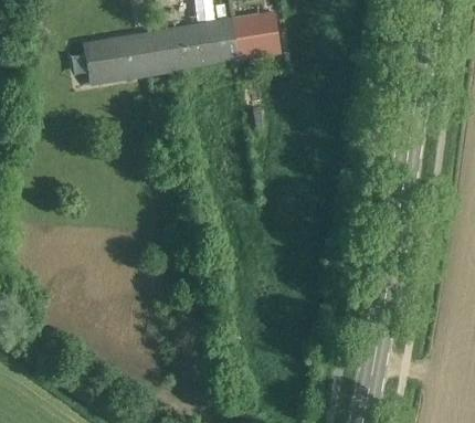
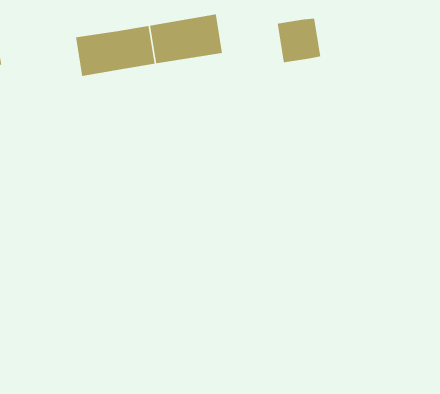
building: [232,13,278,61] -> [277,18,321,63]

